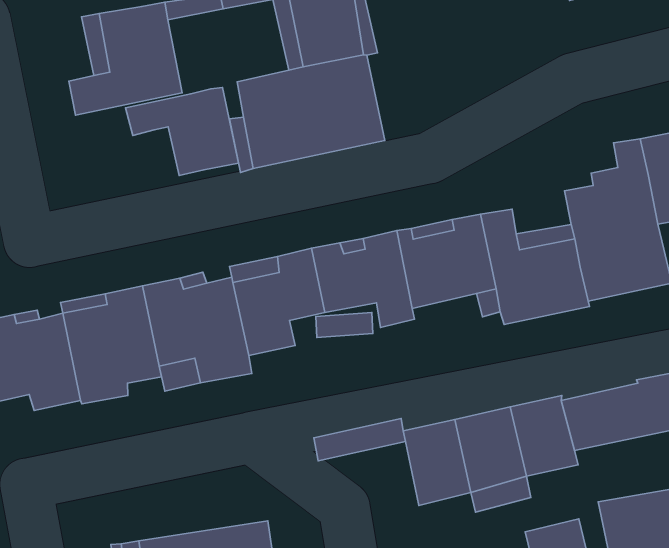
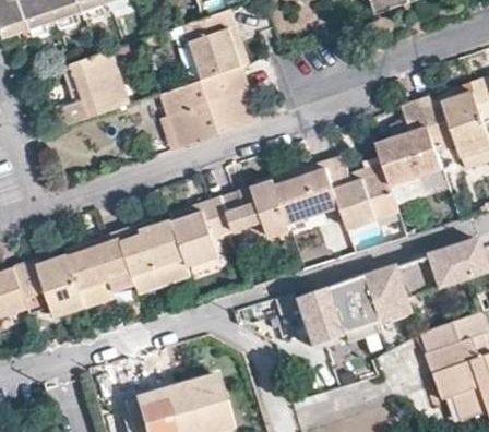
building: [125,87,239,176] -> none

